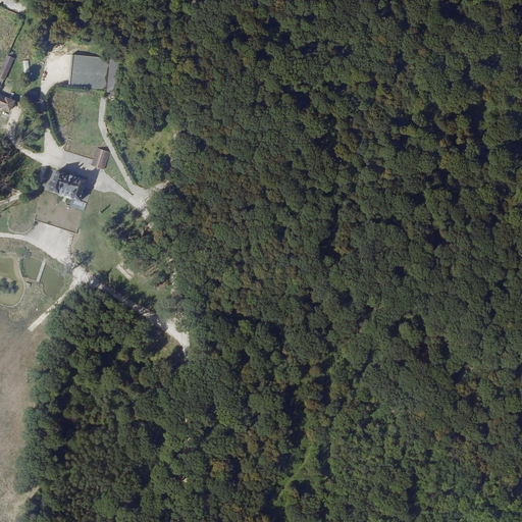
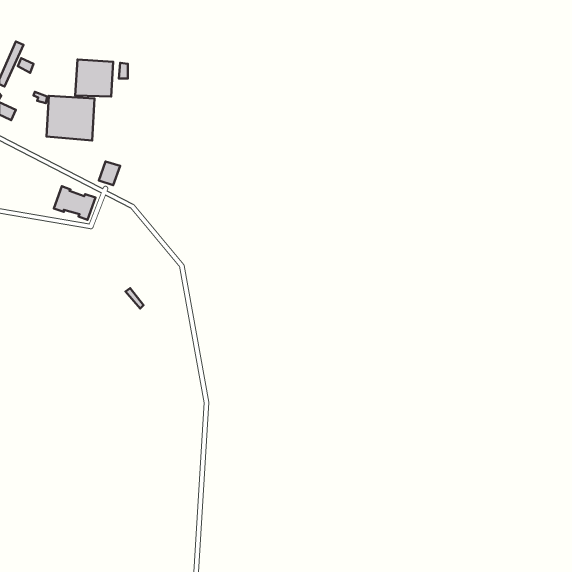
building: none -> [47,96,95,140]

